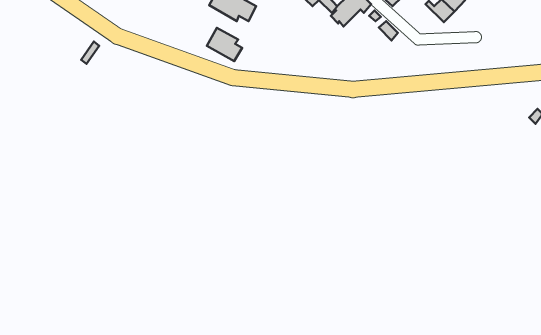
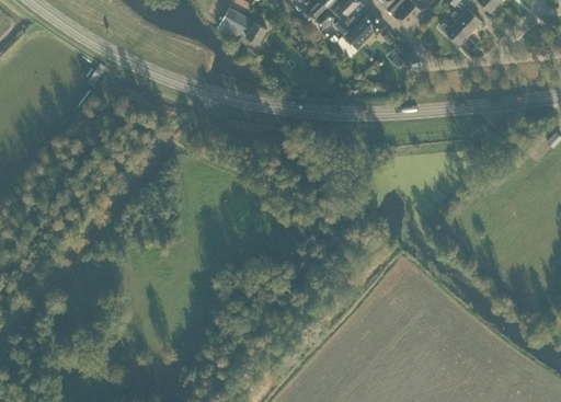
building: [207,28,242,61] -> none

